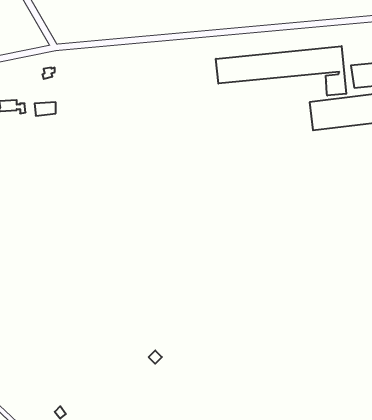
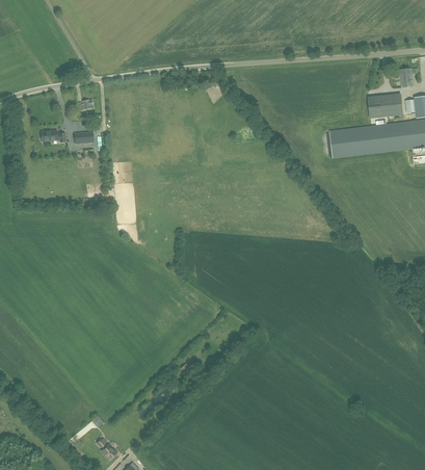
building: [216,46,346,96] -> none

